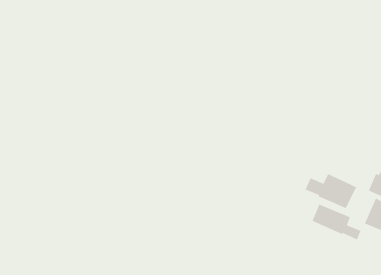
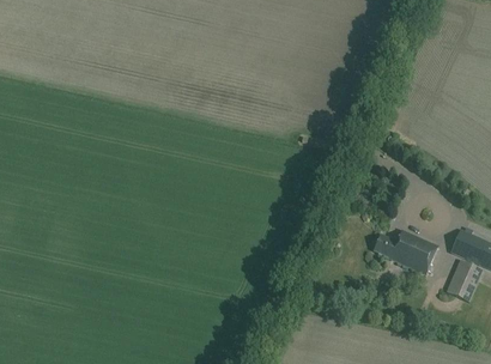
building: [312,203,362,240] -> none

